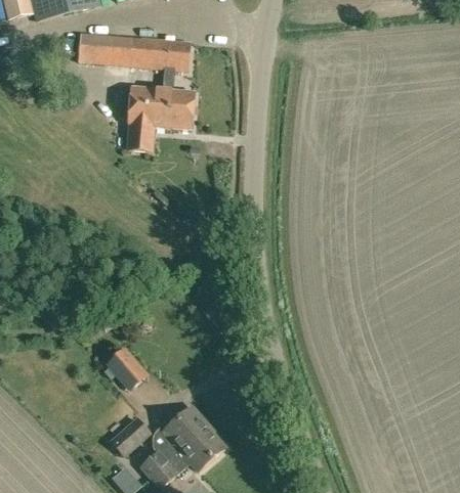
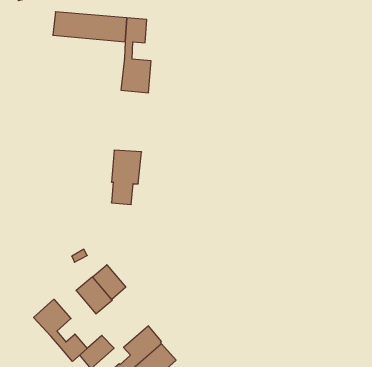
building: [127,86,163,150] -> [111,150,142,204]
building: none -> [93,265,126,299]
building: none -> [34,299,87,361]

